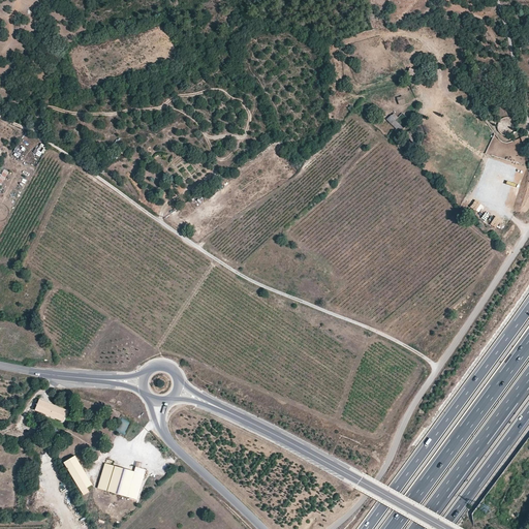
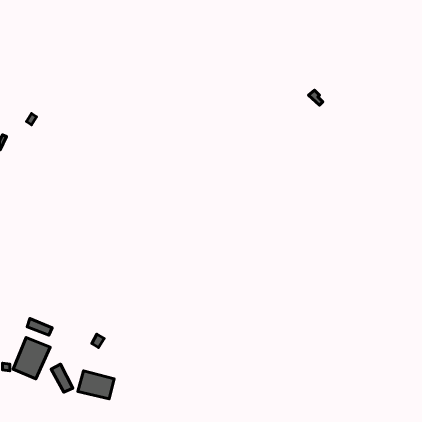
building: none -> [13,338,50,379]

